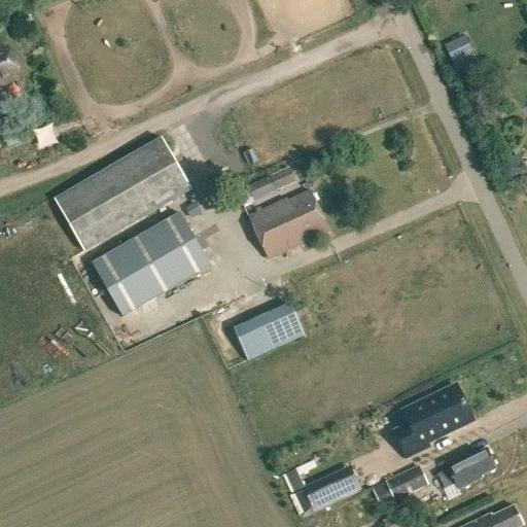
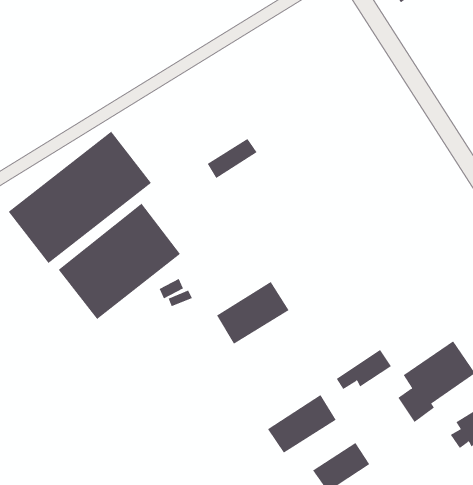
building: [249,189,328,256] -> none
building: none -> [267,394,336,454]
building: [372,465,426,498] -> [336,349,392,390]

